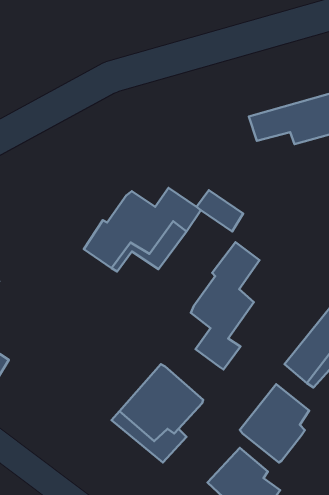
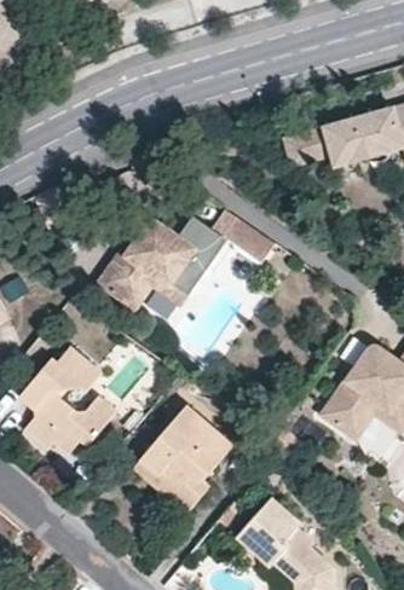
building: [191,242,259,370] -> none
building: none -> [18,347,115,455]
building: [240,384,309,463] -> none

